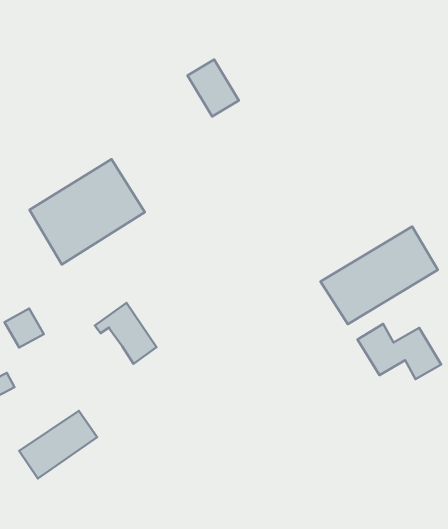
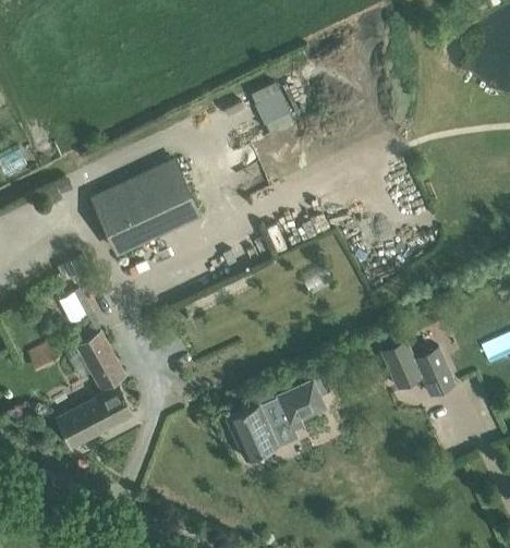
building: [320,227,438,324] -> none
building: [95,303,157,364] -> [69,332,123,389]
building: none -> [227,381,325,461]

